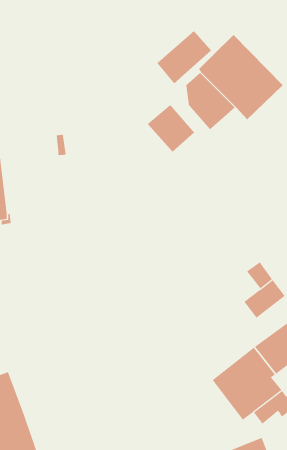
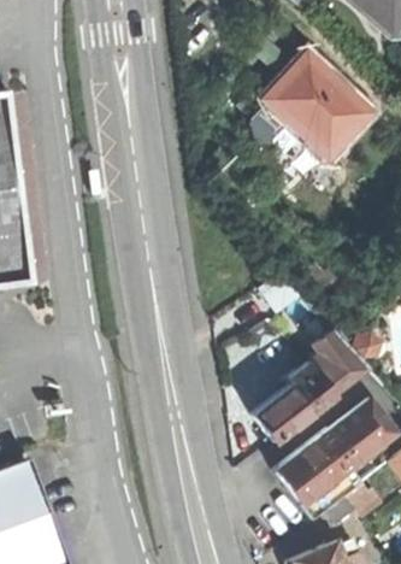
building: [156,30,212,84] -> none
building: [147,104,195,152] -> none
building: none -> [255,376,332,441]

